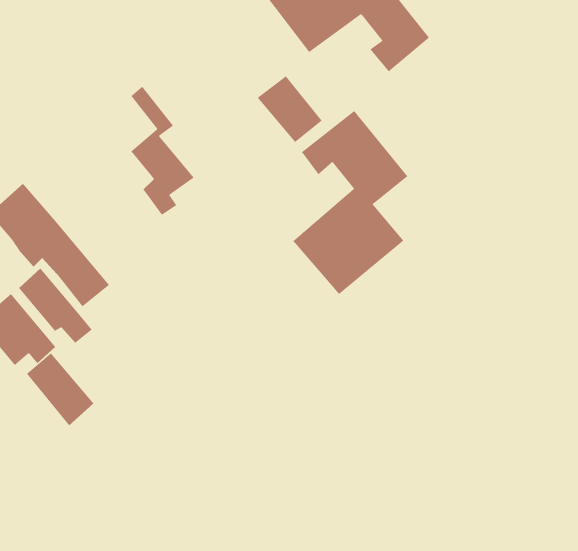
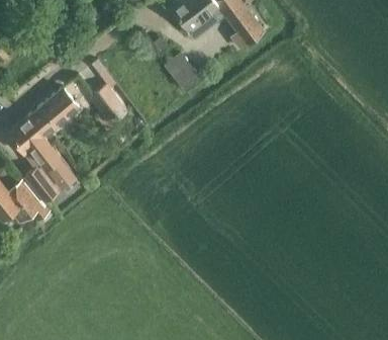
building: [293,110,408,295] -> none
building: none -> [27,87,80,138]
building: [26,353,94,426] -> none

